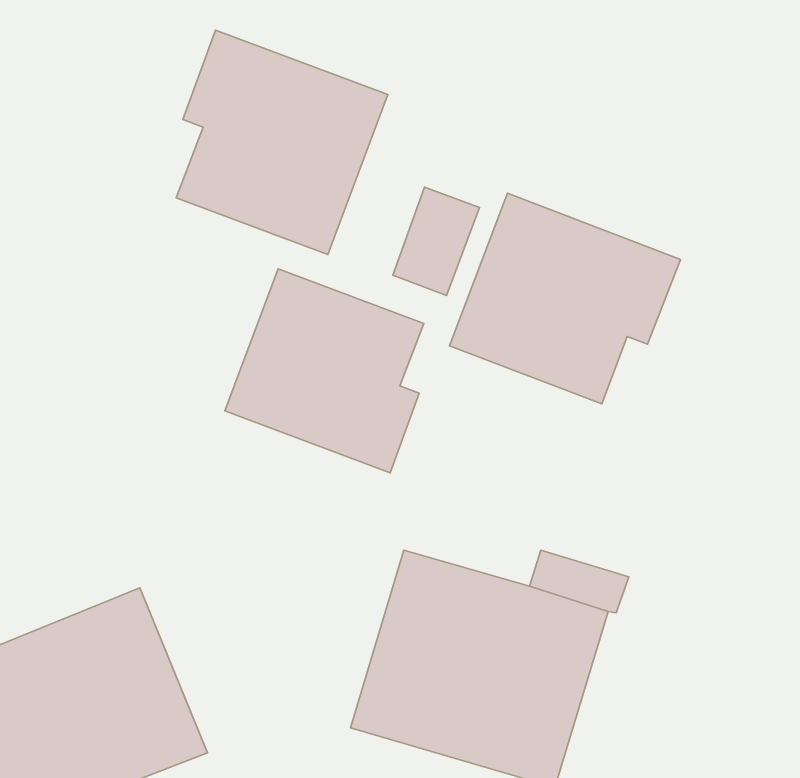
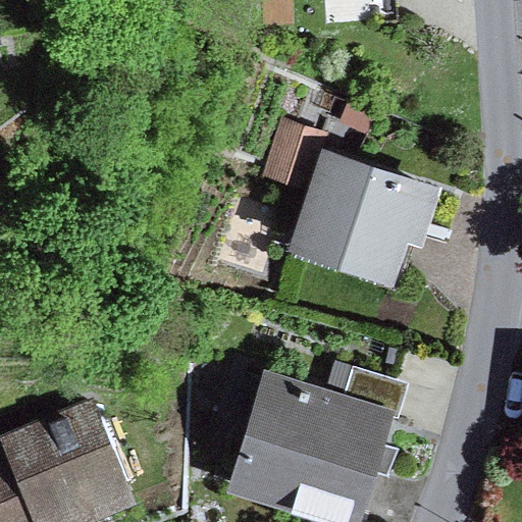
building: [176,30,388,255] -> none
building: [225,269,424,473] -> none

